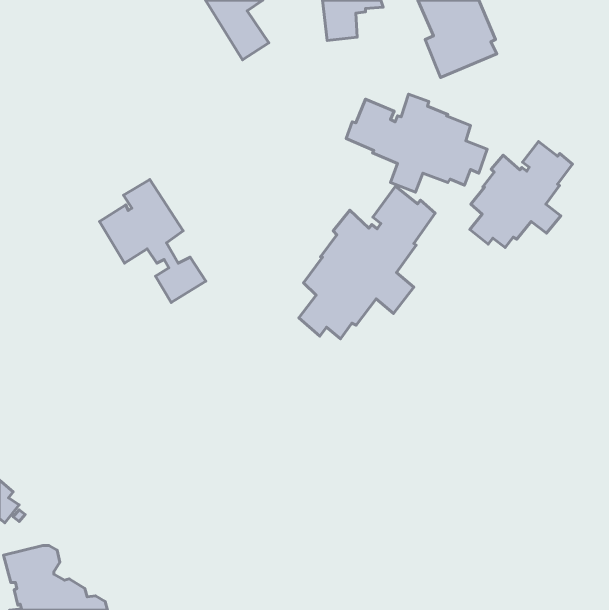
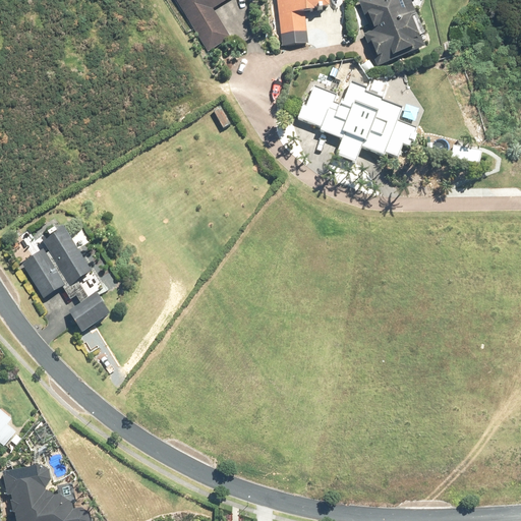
building: [470,142,573,248] -> none
building: [100,180,206,303] -> [22,227,113,332]
building: [299,186,435,339] -> none

